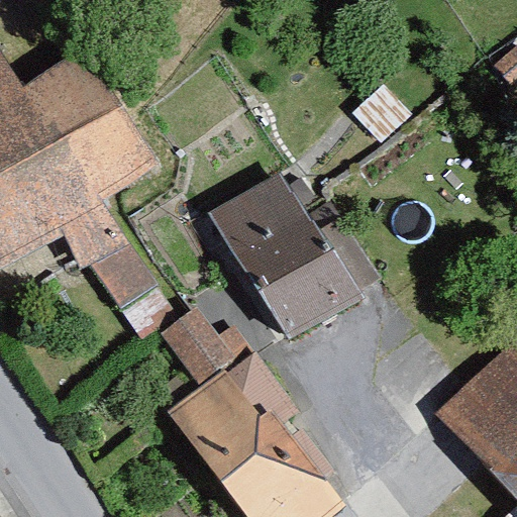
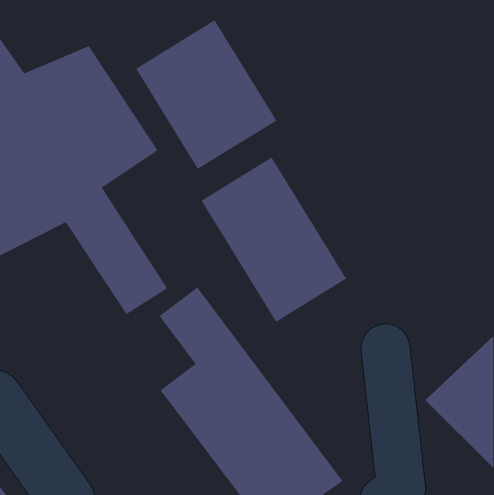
building: none -> [135,19,278,170]

